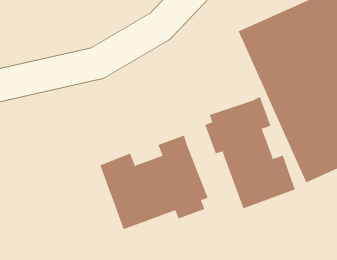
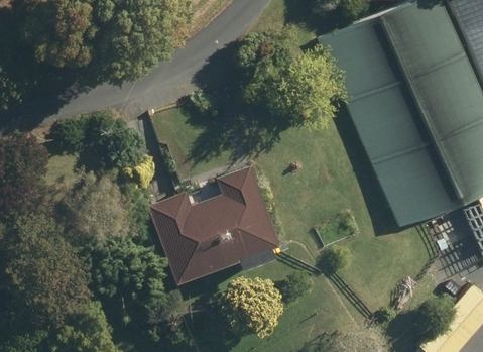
building: [204,96,295,209] -> none

